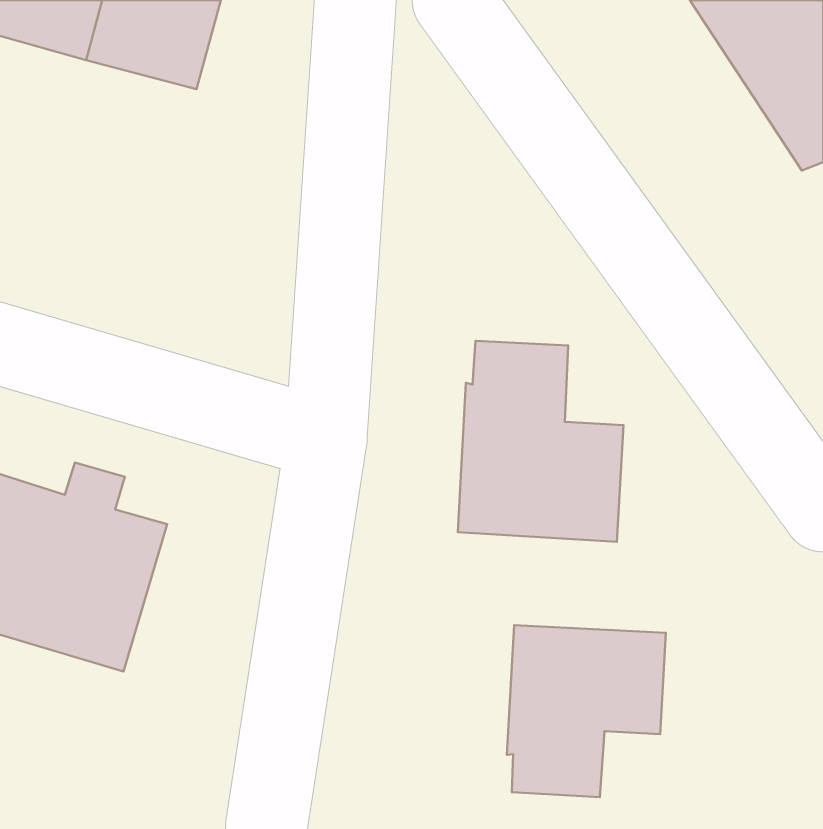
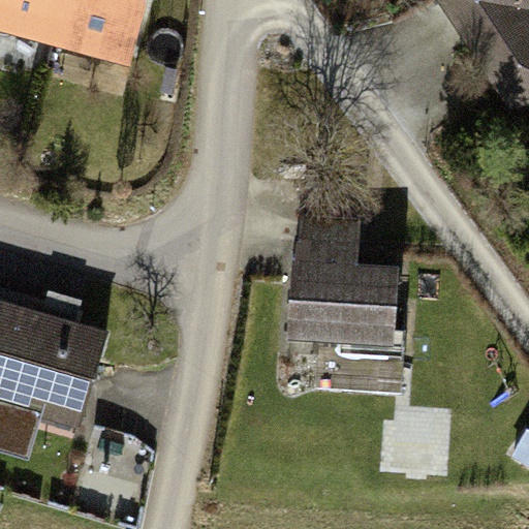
building: [507,625,666,797] -> none

